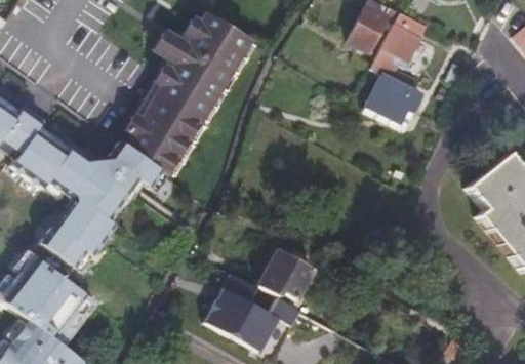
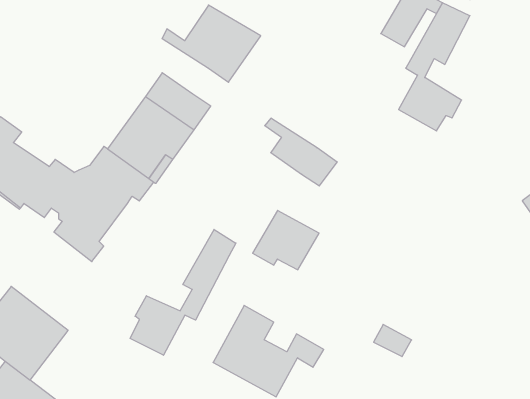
building: [158,42,220,100] -> [265,118,337,186]
building: none -> [130,229,236,355]
building: [39,209,103,265] -> none
building: [260,249,318,300] -> [253,210,319,270]

